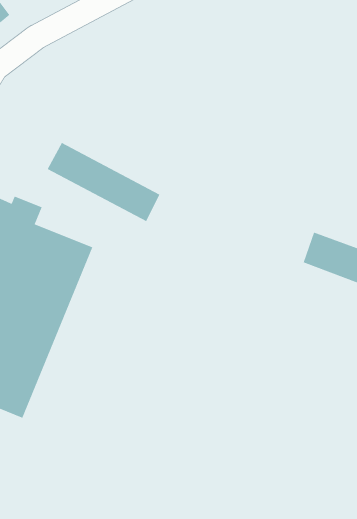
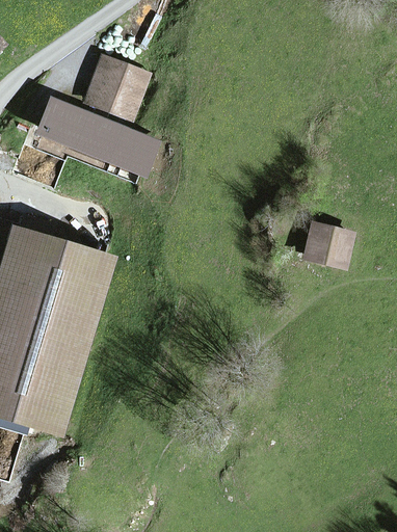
building: none -> [99,65,155,122]
building: [47,142,160,222] -> [52,108,162,176]

